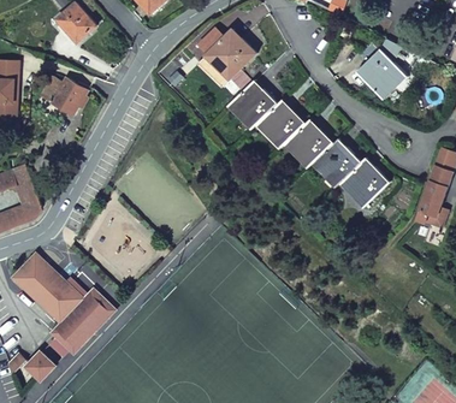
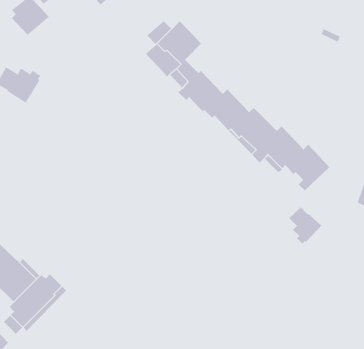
building: [356,49,401,96] -> none
building: none -> [288,207,322,244]

